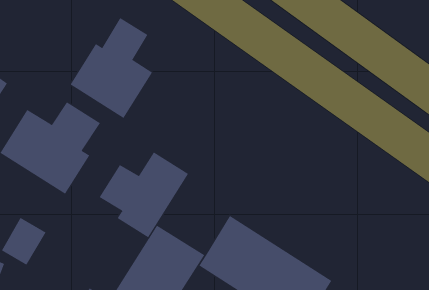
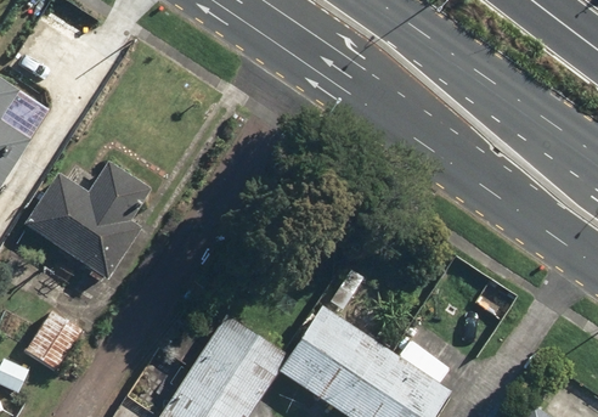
building: [70,17,153,119] -> none
building: [99,152,189,238] -> none

